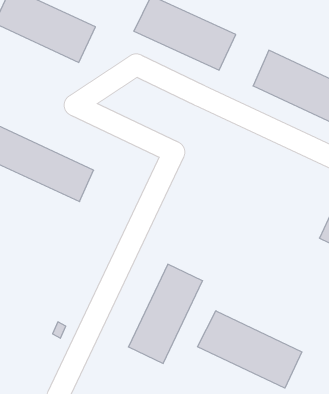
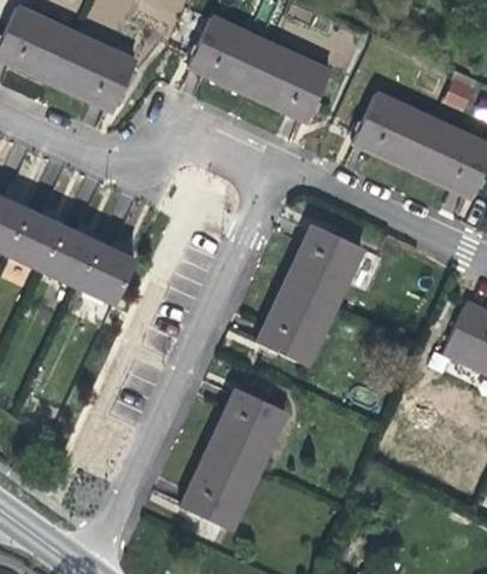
building: none -> [258,227,360,364]
building: [198,311,302,388] -> none

